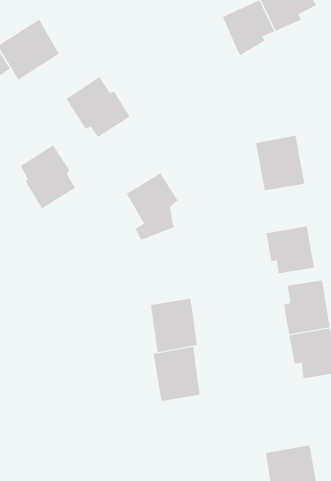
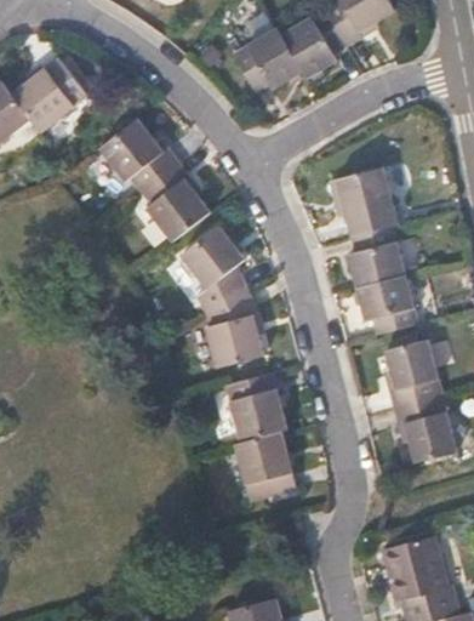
building: none -> [232,25,301,91]
building: [20,145,76,209] -> [143,163,212,241]
building: none -> [347,227,405,289]
building: none -> [206,291,262,368]

